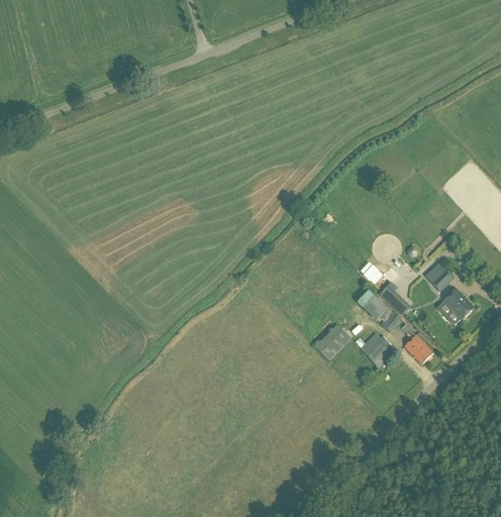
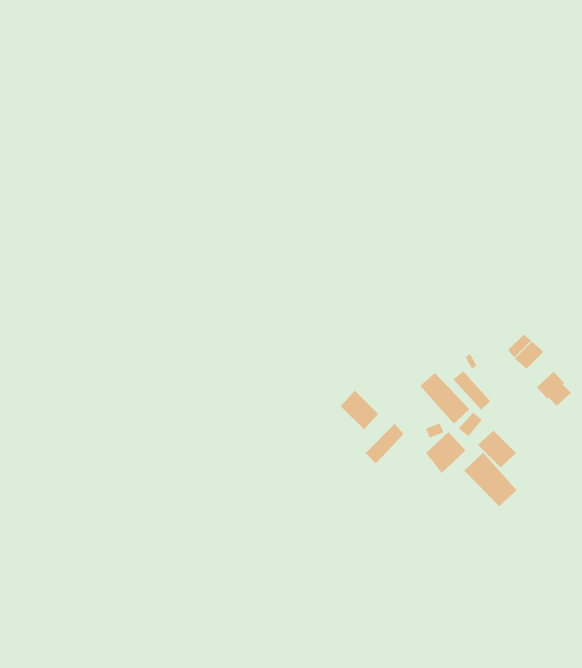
building: none -> [340,390,379,430]
building: none -> [463,452,517,507]

